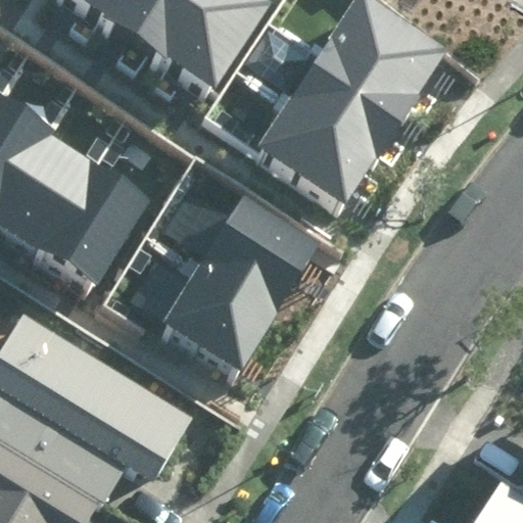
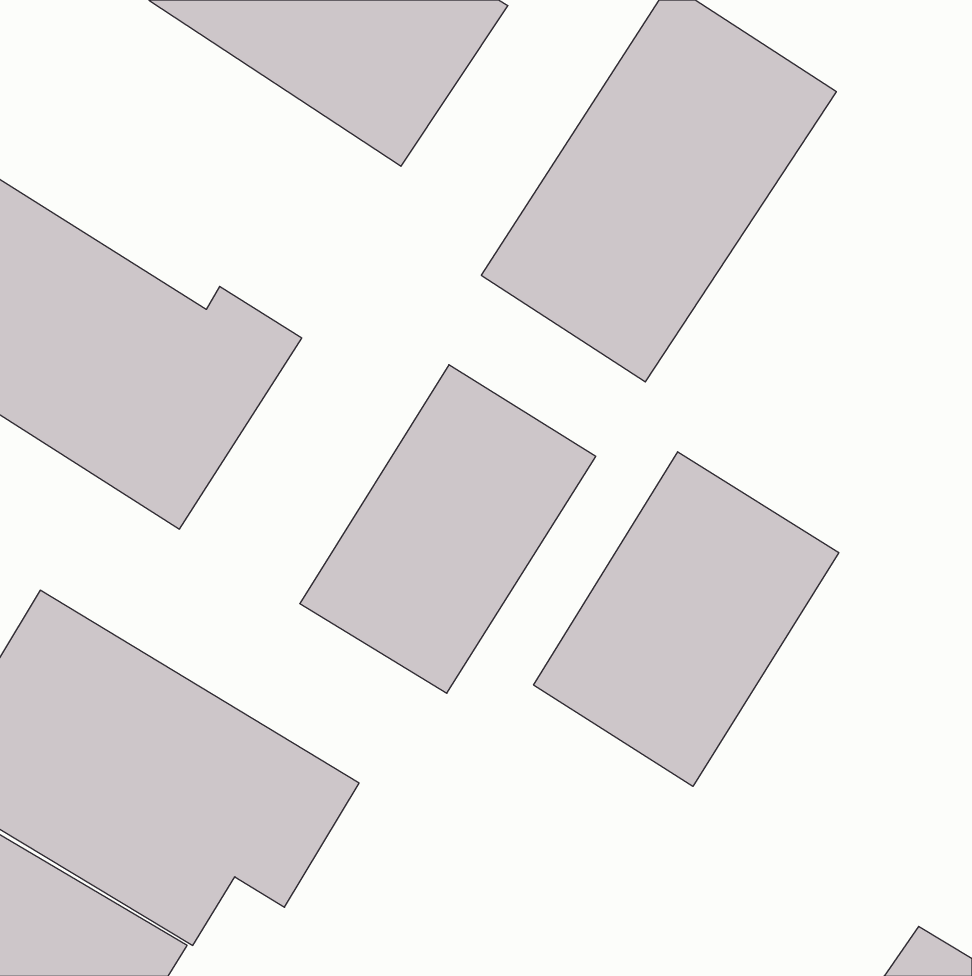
building: none -> [534,452,839,786]

